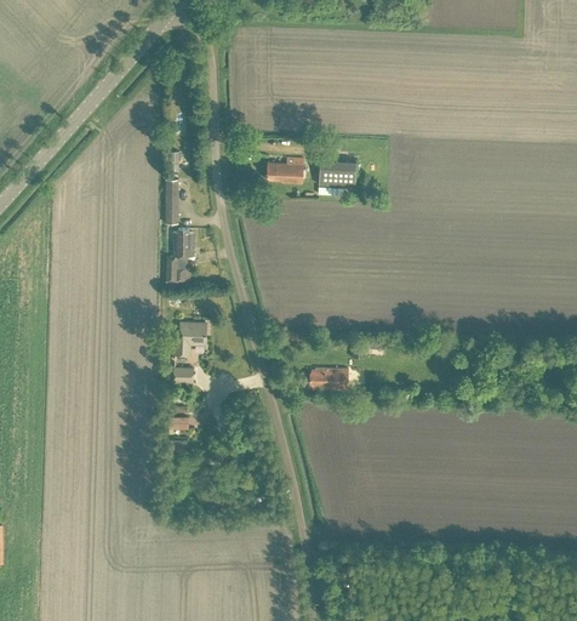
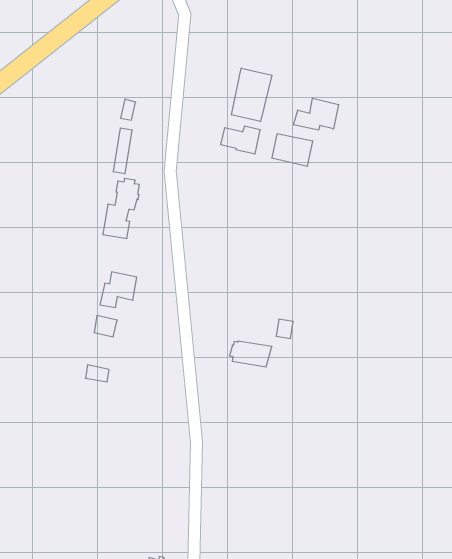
building: none -> [231,68,272,122]
building: none -> [294,98,339,130]

